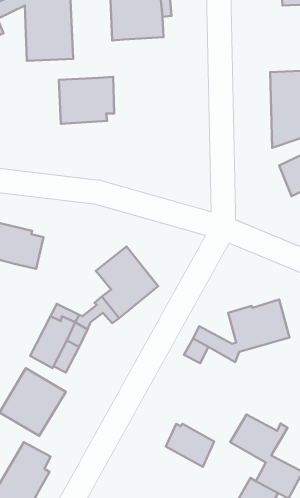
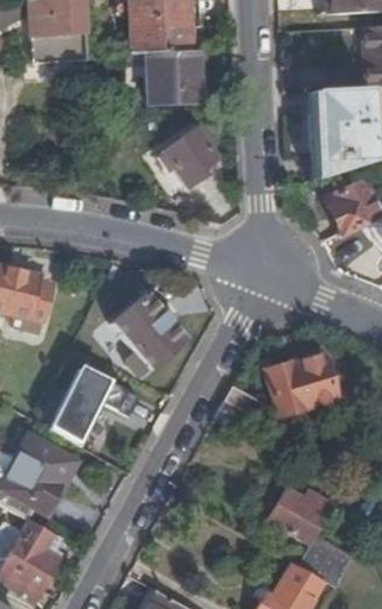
building: [59,77,114,124] -> [145,49,209,103]
building: none -> [162,128,217,187]
building: [166,424,214,467] -> none

